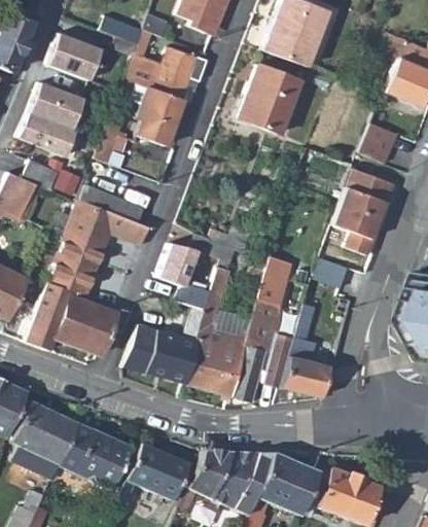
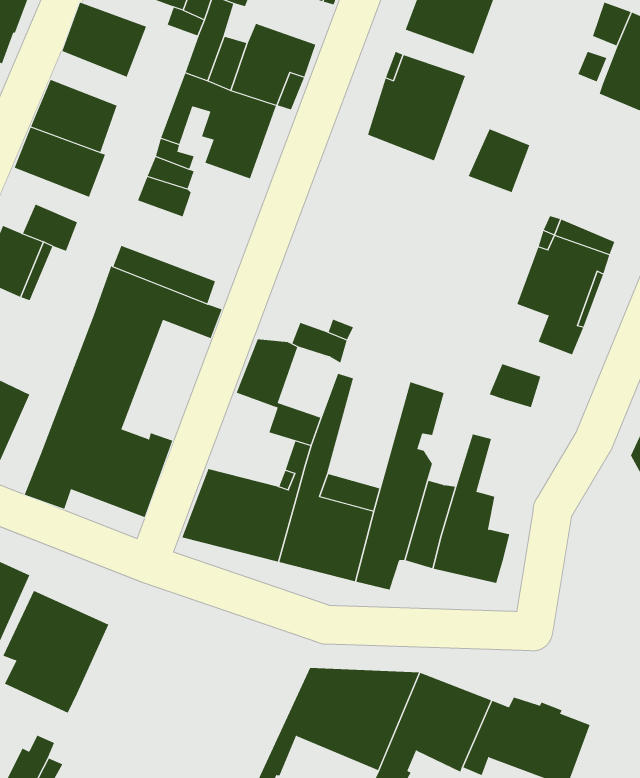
building: [358,124,397,164] -> [468,129,530,193]
building: [59,423,132,490] -> none
building: [115,443,189,505] -> none

